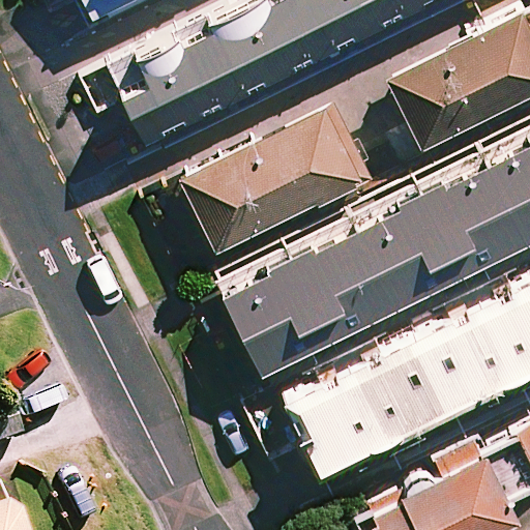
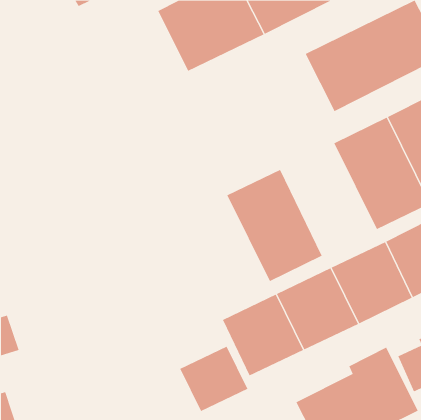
building: [112,26,242,147] -> none
building: [179,107,362,255] -> none
building: [356,188,474,327] -> none
building: [224,253,343,391] -> none
building: none -> [179,346,248,412]

